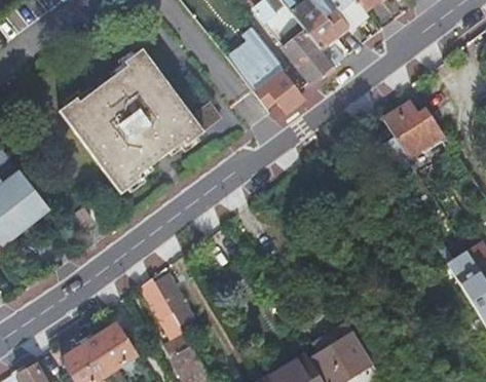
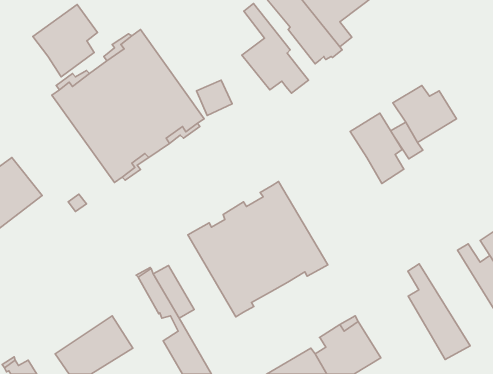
building: none -> [33,4,97,77]
building: none -> [350,113,404,183]
building: none -> [188,181,328,317]
building: none -> [408,264,470,359]

